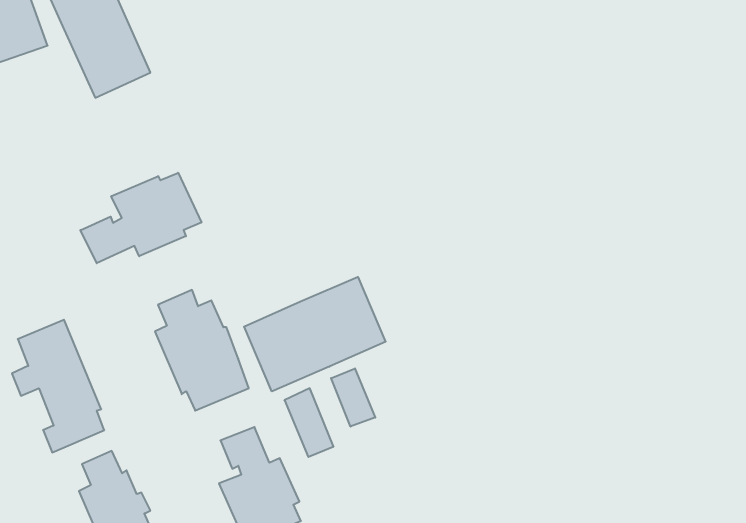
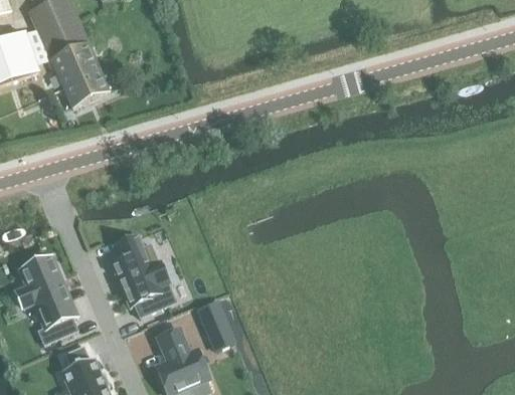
building: [80,173,201,263] -> none
building: [244,277,386,391] -> none
building: [331,368,375,427] -> none

